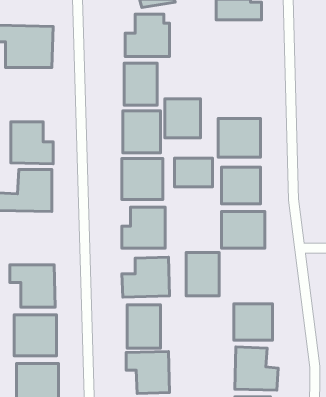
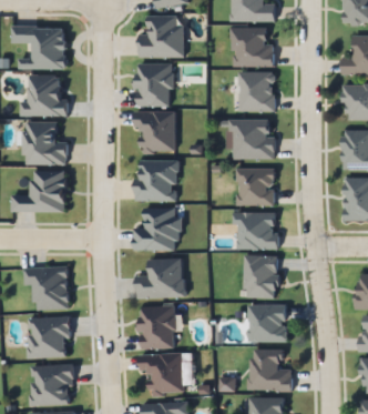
building: none -> [231,28,274,67]
building: none -> [21,75,69,117]
building: [165,99,200,138] -> [239,72,275,111]
building: [174,158,213,187] -> none
building: [186,252,219,296] -> [245,255,278,299]

